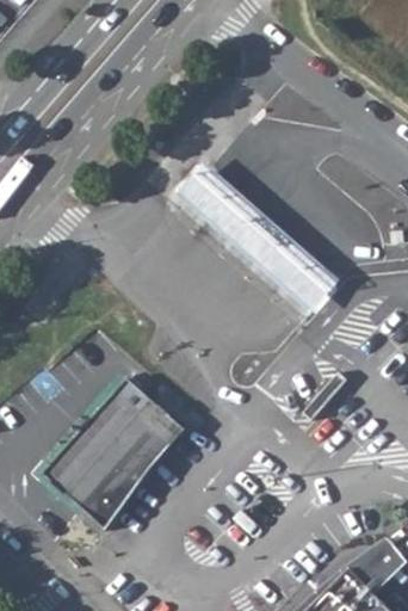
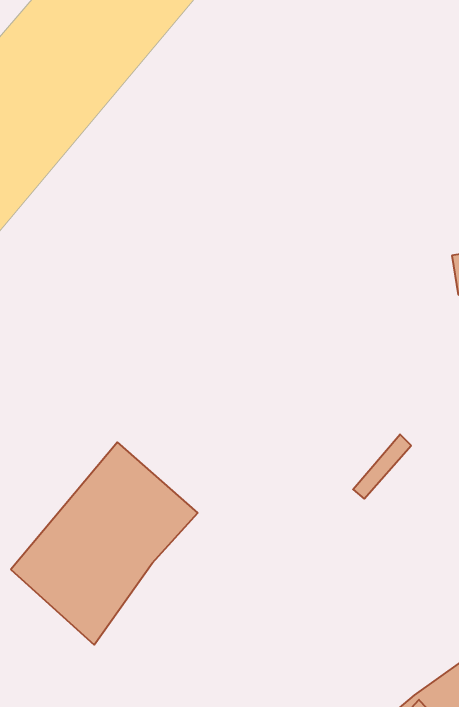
building: [179,165,341,315] -> none

